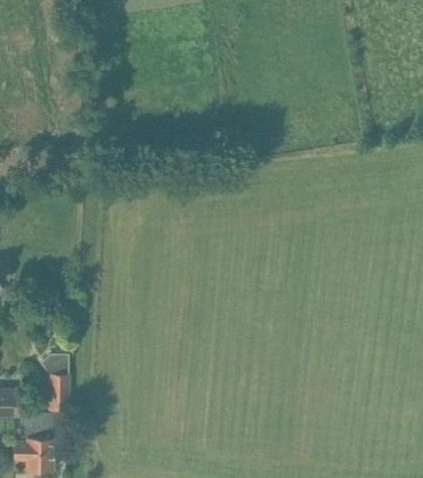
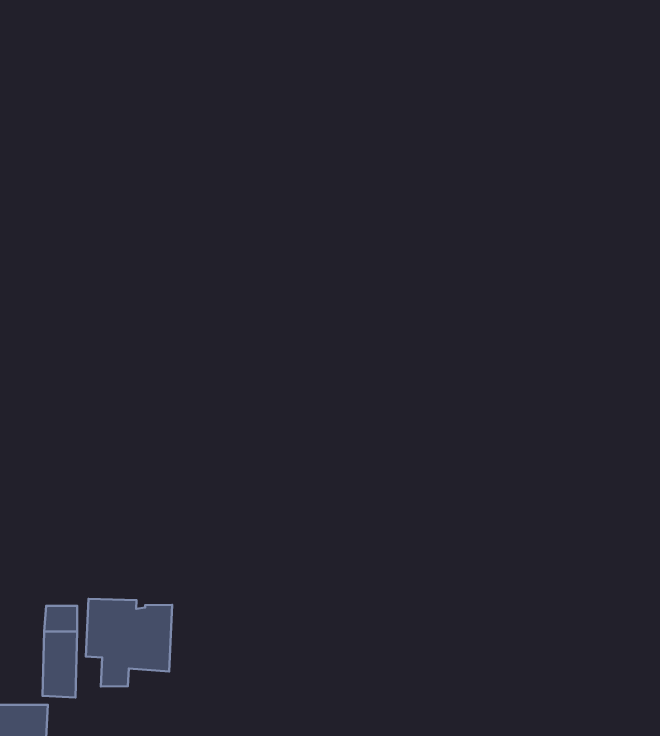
building: none -> [86,599,172,686]

